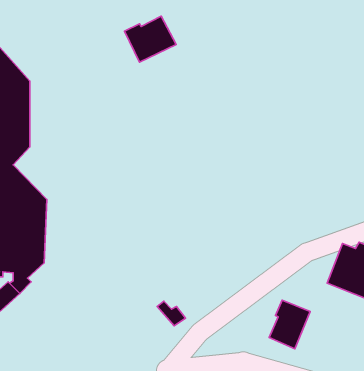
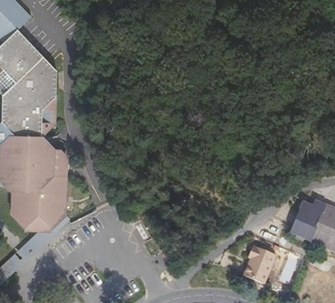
building: [125,16,176,62] -> none

